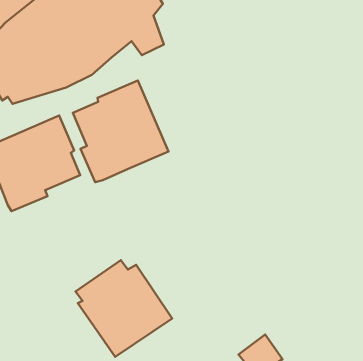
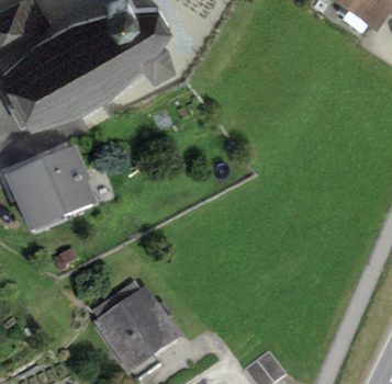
building: [73,80,169,182] -> none

